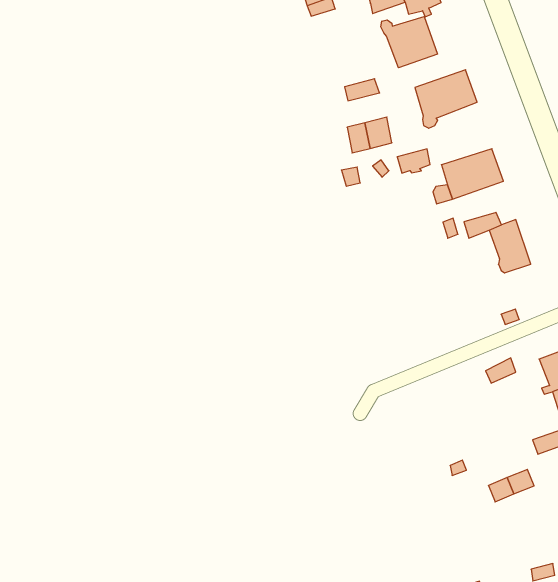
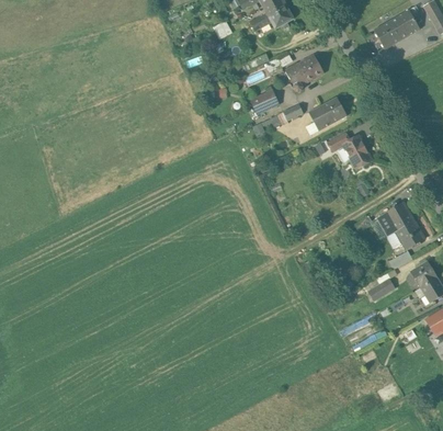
building: [381,16,437,68] -> none

